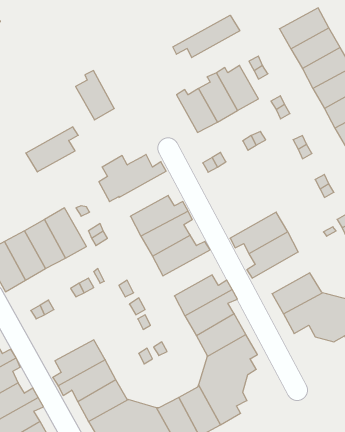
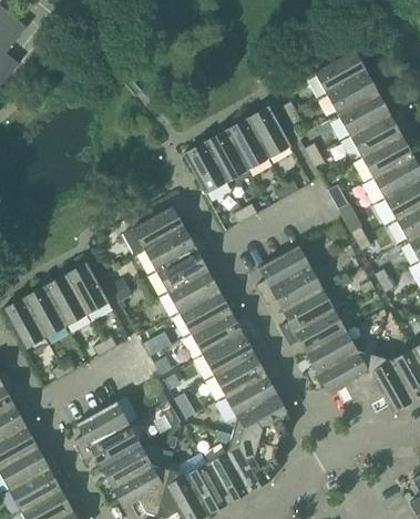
building: [173,15,240,58] -> none
building: [76,71,114,120] -> [186,142,227,194]
building: [26,127,78,172] -> [144,223,199,271]
building: none -> [256,245,310,294]
building: none -> [191,306,246,355]
building: none -> [285,308,346,353]

